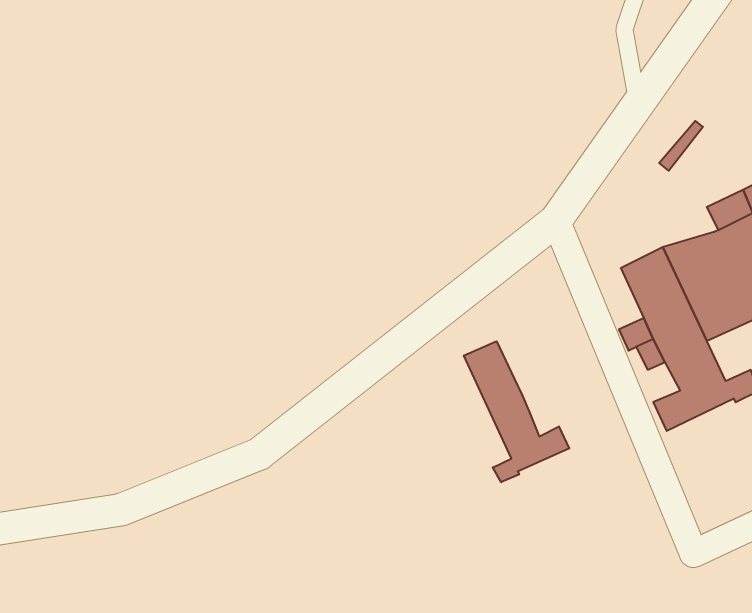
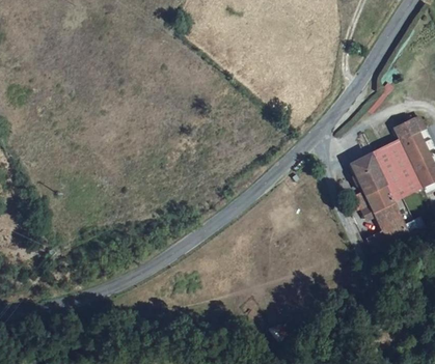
building: [464,341,569,482] -> none

